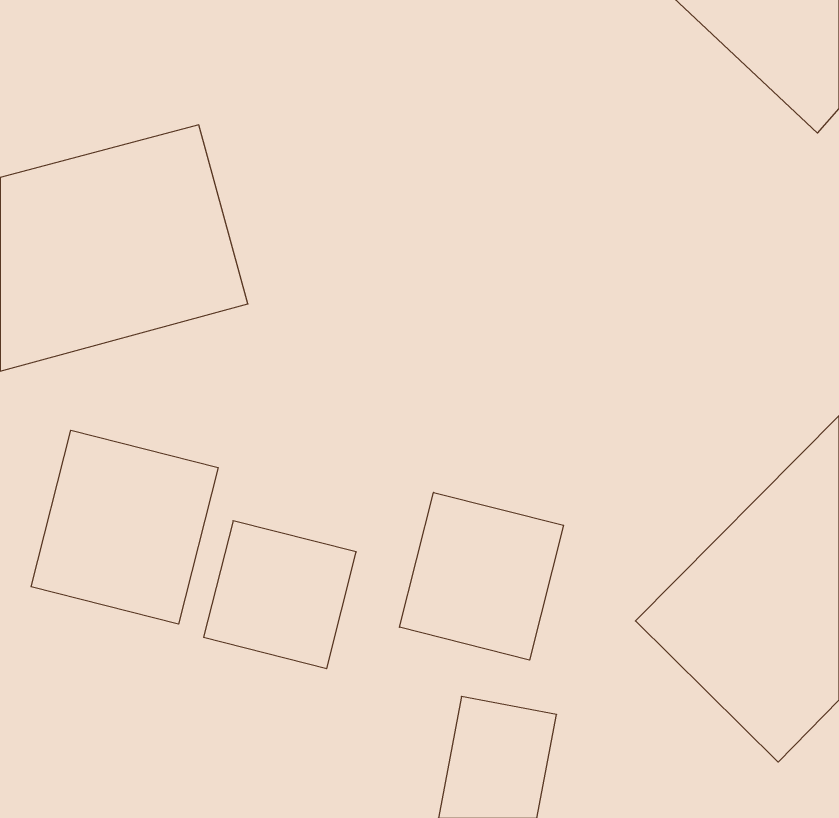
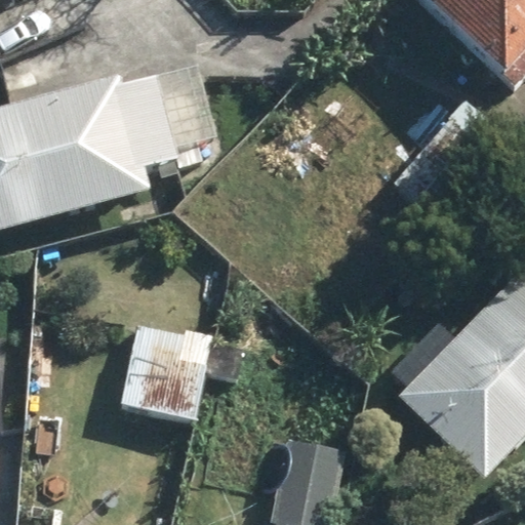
building: [31,430,218,624] -> none
building: [399,492,564,660] -> none

